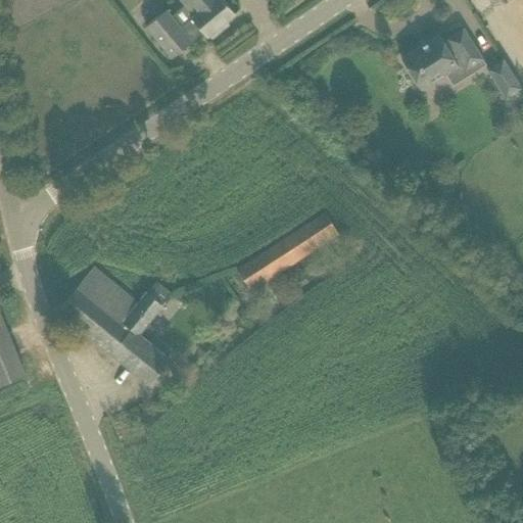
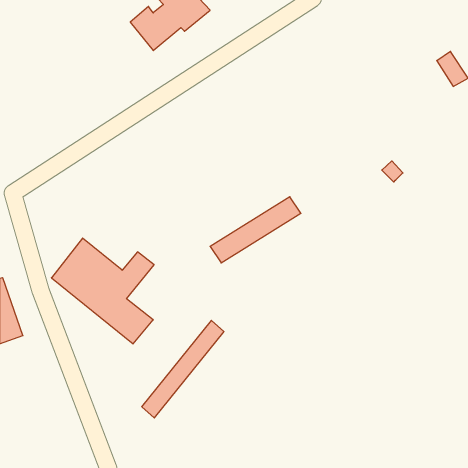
building: [400,27,481,88] -> none
building: none -> [142,320,224,418]

